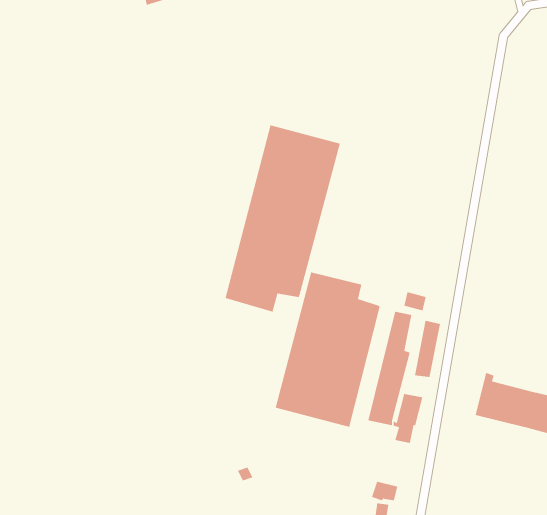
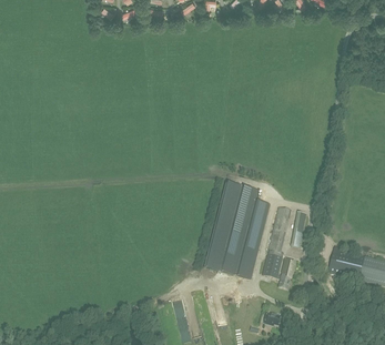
building: [225,125,341,312] -> none

